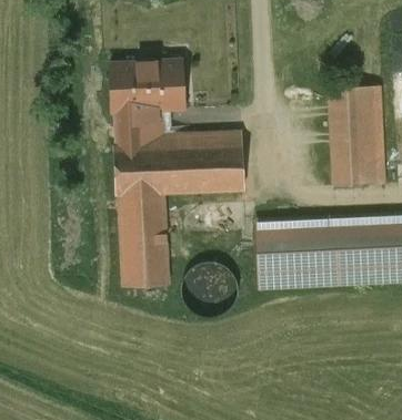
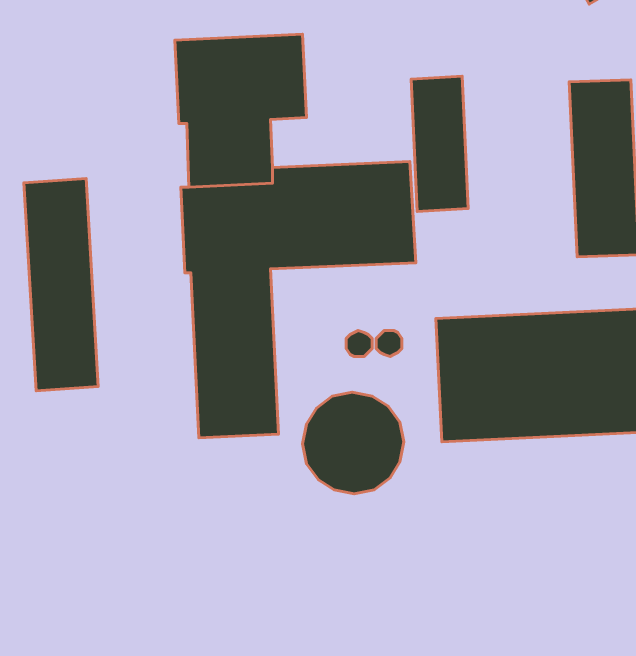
building: none -> [411,76,468,211]
building: none -> [24,178,98,391]

